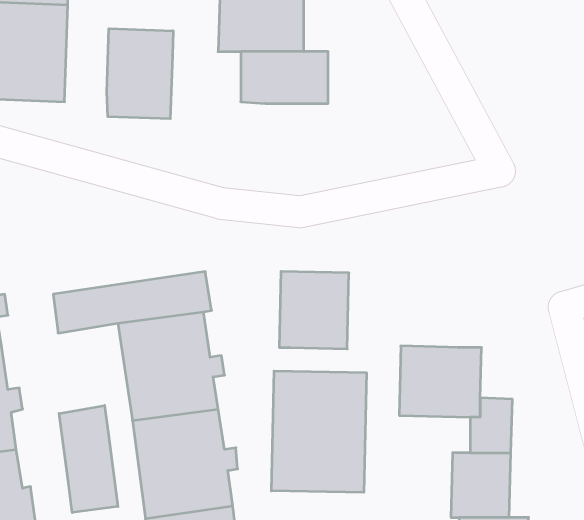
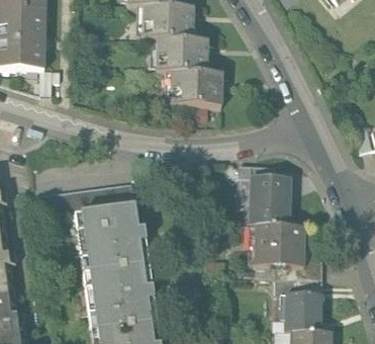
building: [107,29,173,119] -> none
building: none -> [169,72,222,106]
building: [279,271,349,349] -> [248,176,291,225]
building: [271,371,366,492] -> none
building: [59,405,118,513] -> none

